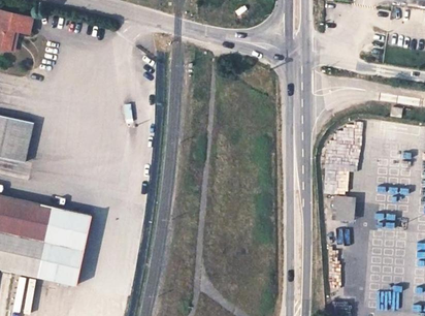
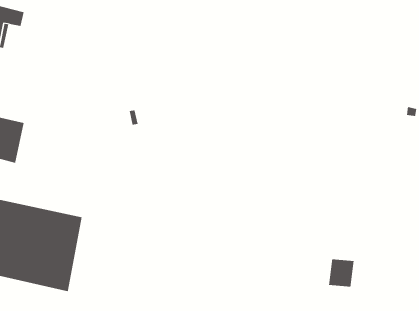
building: [335,195,360,222] -> [328,259,354,287]

